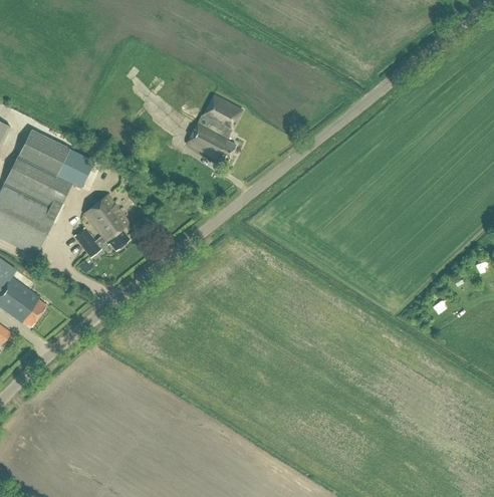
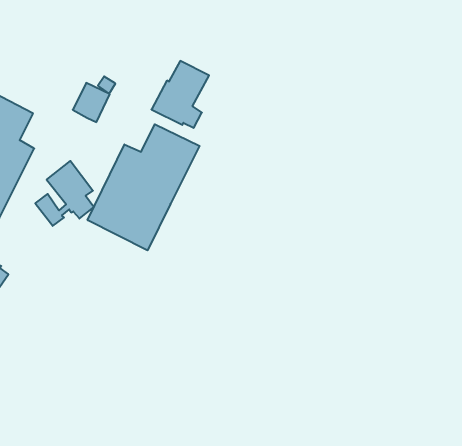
building: [57,149,93,187] -> [73,83,110,122]
building: none -> [88,124,200,250]

